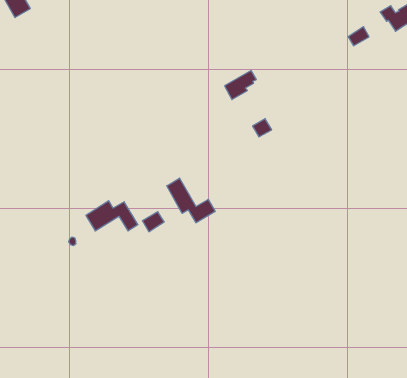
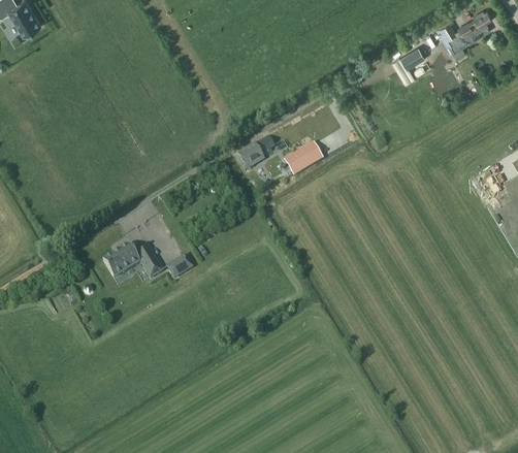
building: [225,70,256,100] -> [238,136,274,169]
building: [167,178,215,223] -> none

